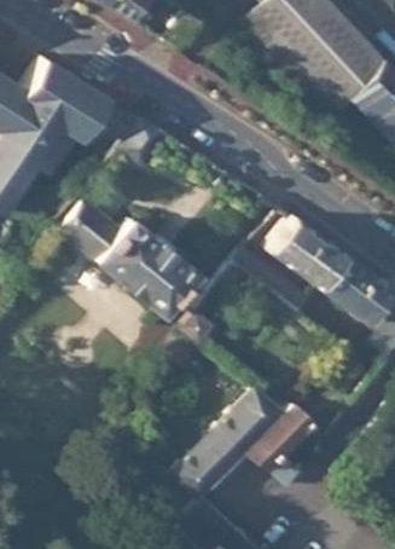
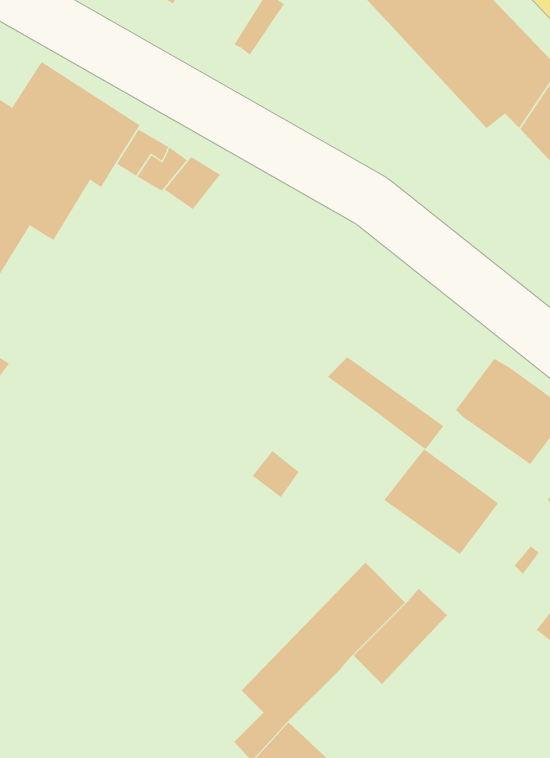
building: [70,214,197,313] -> none
building: [267,216,343,287] -> [383,448,499,555]

